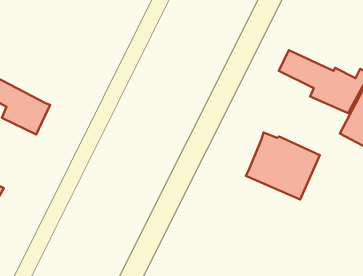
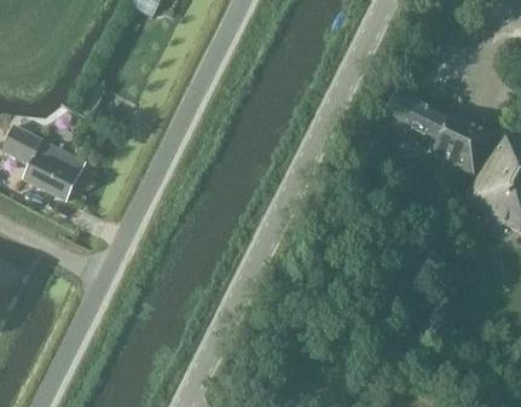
building: [246,133,320,200] -> none

